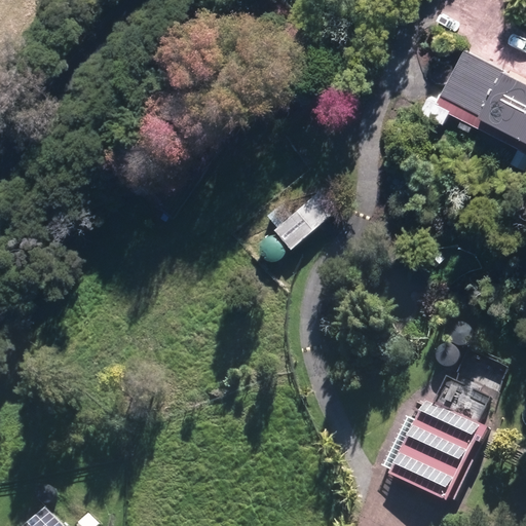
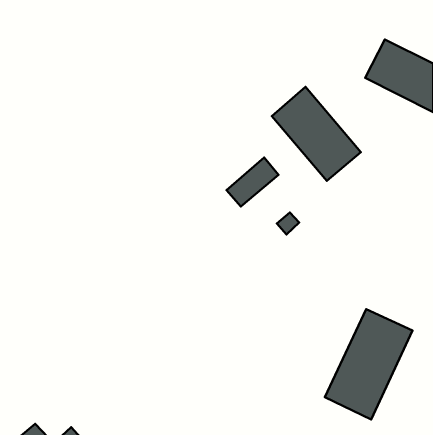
building: none -> [272,87,361,181]

